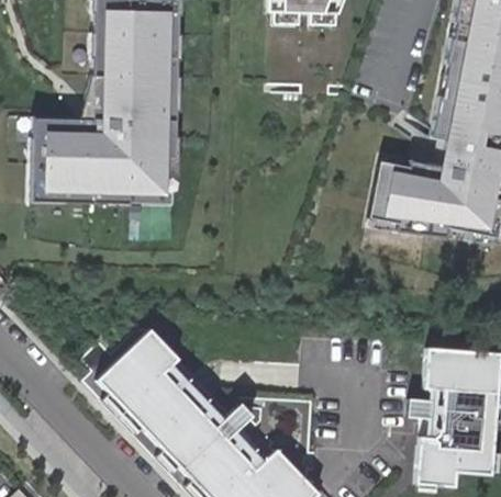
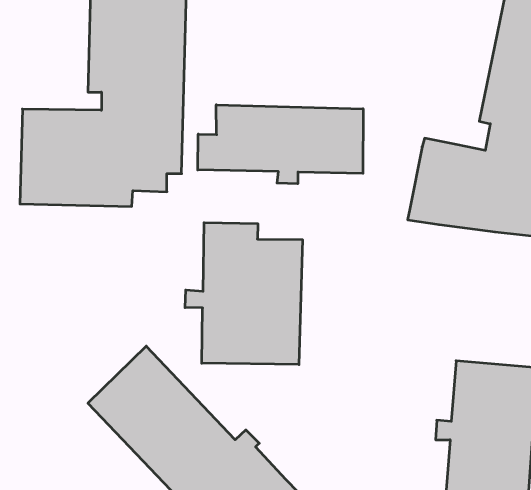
building: none -> [198,105,363,184]
building: none -> [185,223,302,365]

